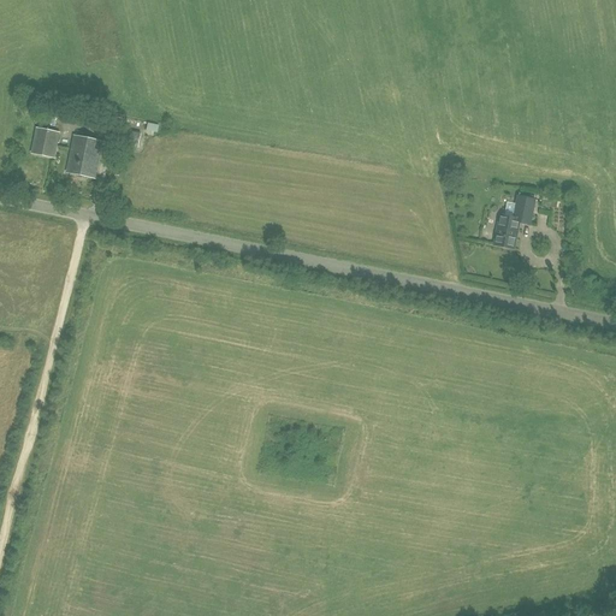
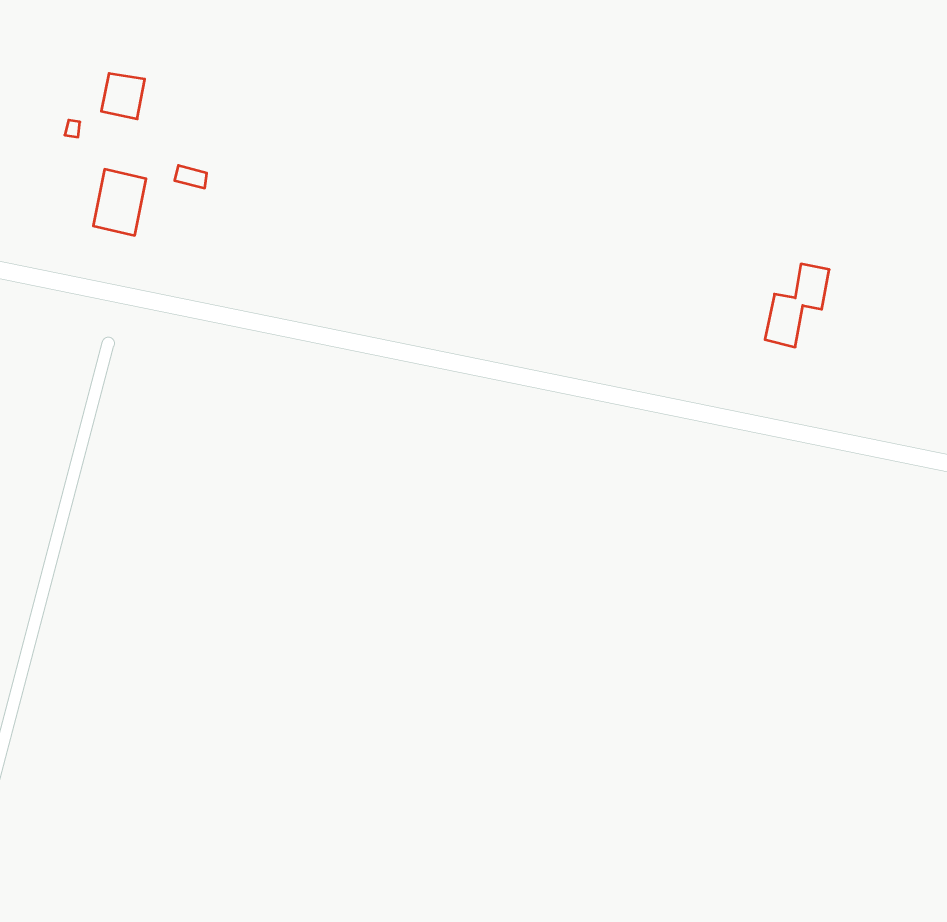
building: [30,126,58,155] -> [101,73,145,119]

